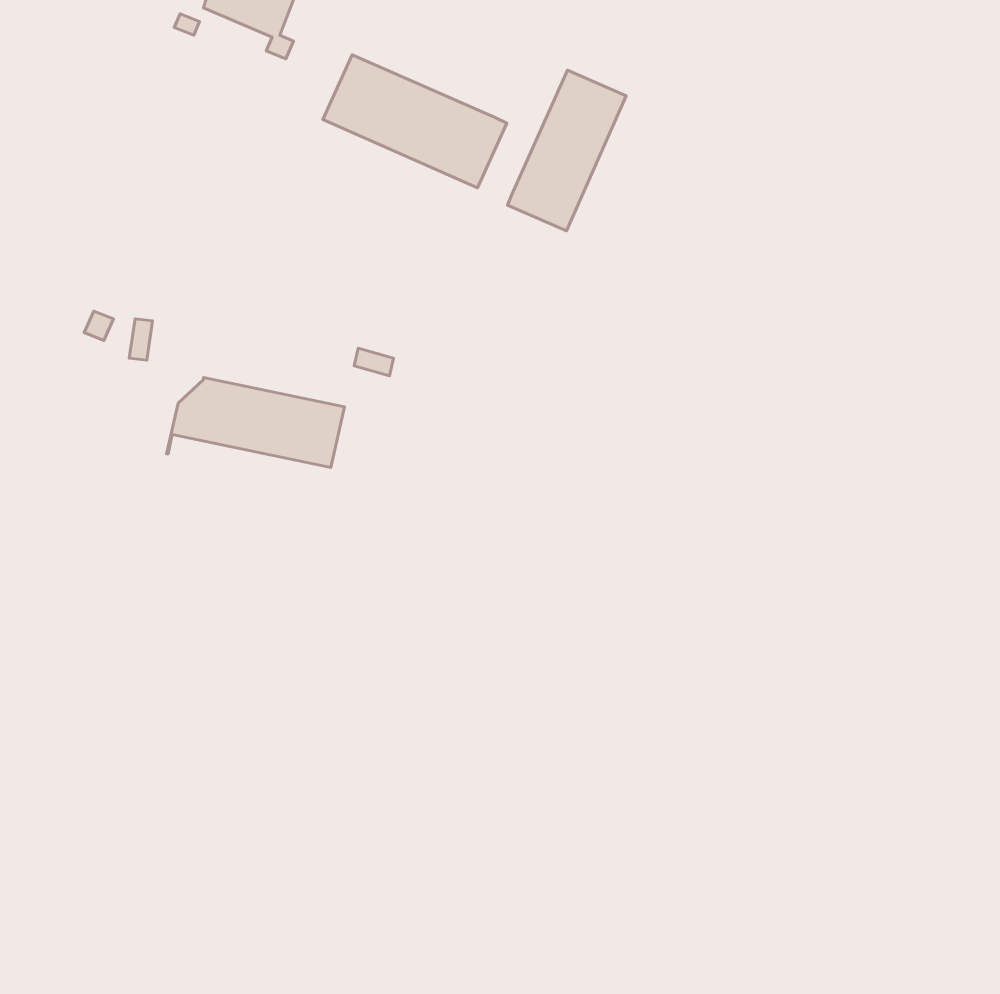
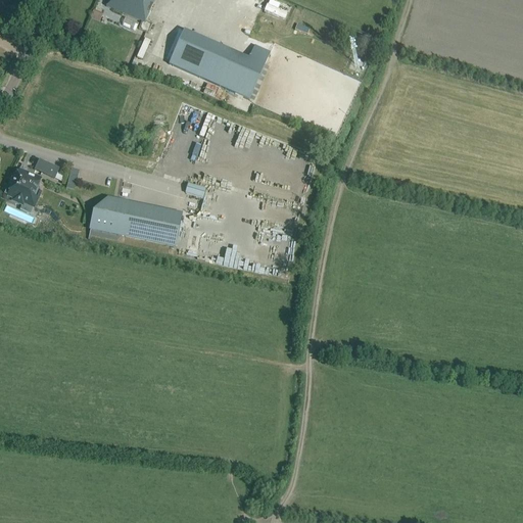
building: [508,70,626,231] -> none
building: none -> [4,161,40,202]

